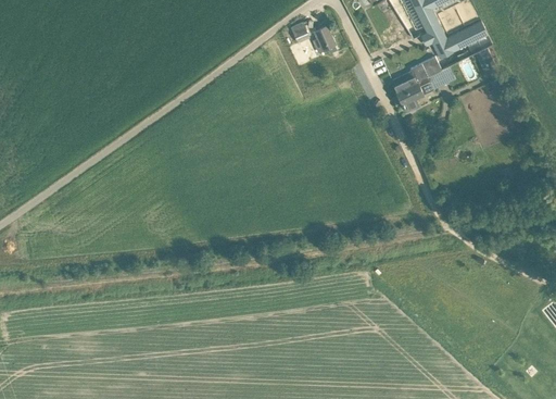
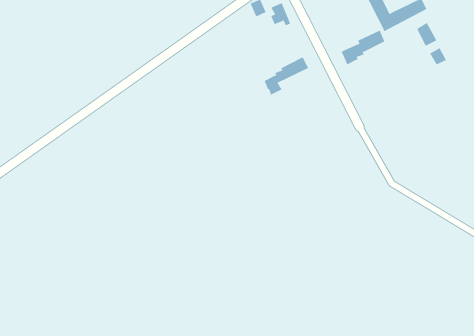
building: [399,68,448,112] -> [264,56,309,95]

